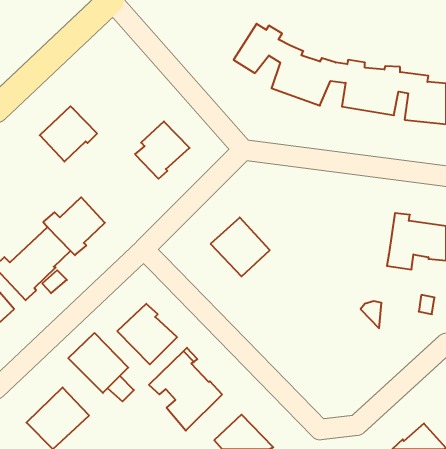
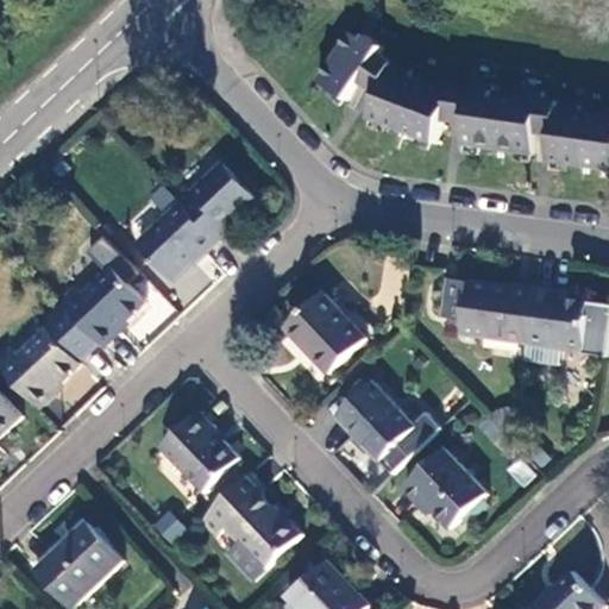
building: [40,106,97,162] -> [137,205,214,280]
building: none -> [440,278,533,344]
building: none -> [335,382,439,473]
building: none -> [402,448,486,529]
building: [68,333,128,393] -> none

